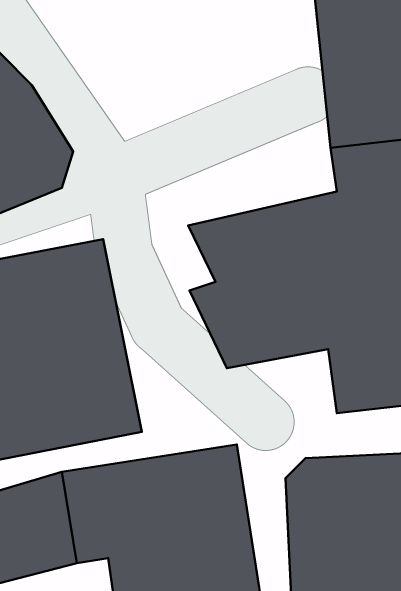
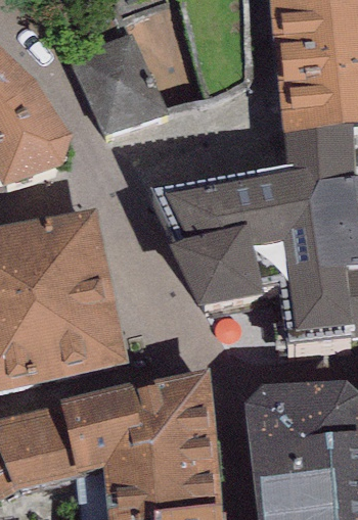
building: none -> [68,20,168,132]

